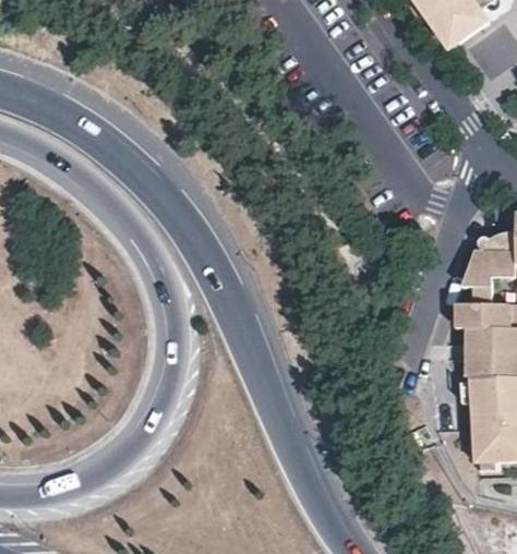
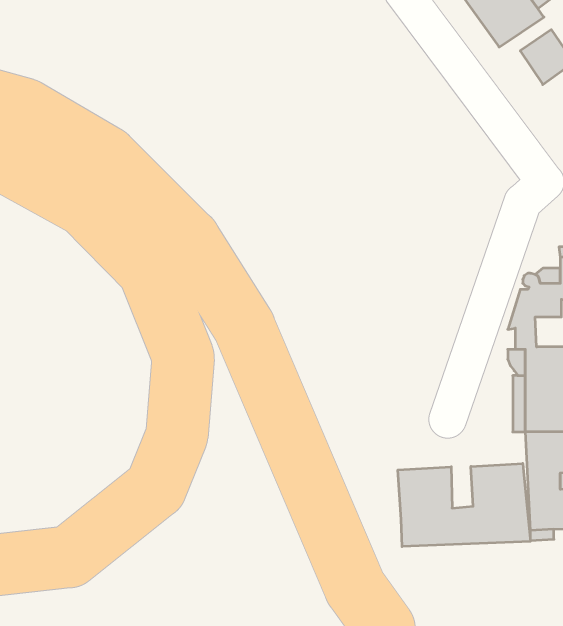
building: none -> [398,463,530,547]

